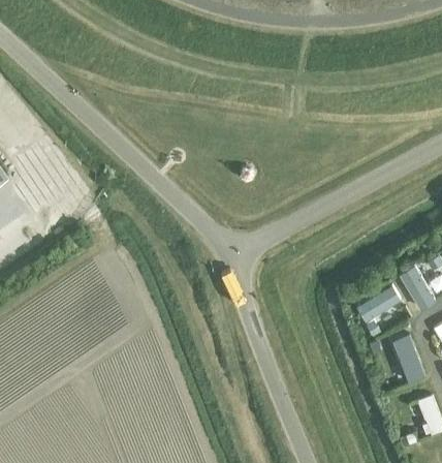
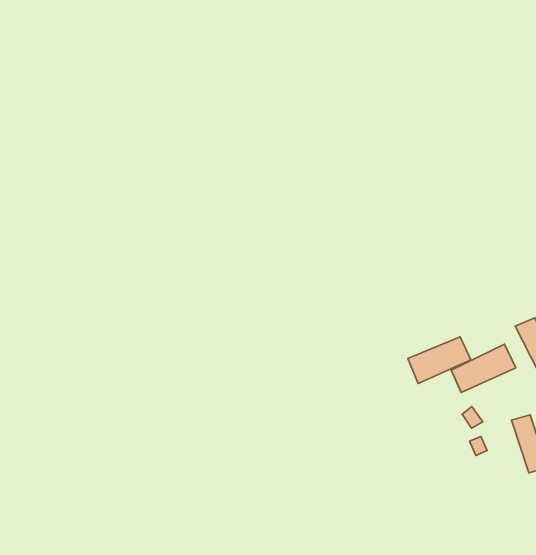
building: none -> [408,337,471,383]

